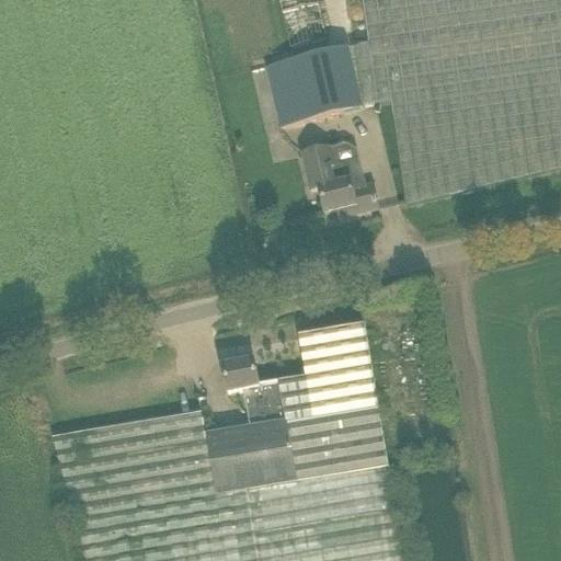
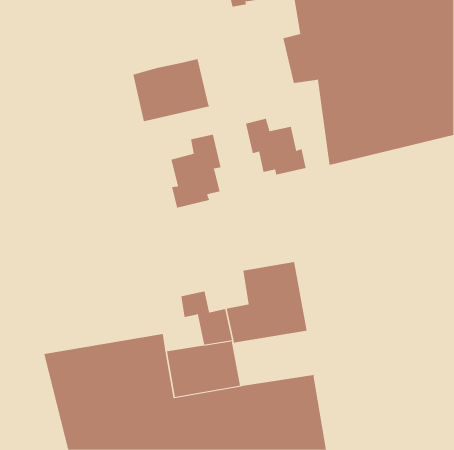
building: [267,47,363,125] -> [132,59,210,122]
building: none -> [171,134,221,208]
building: [287,408,388,476] -> none

